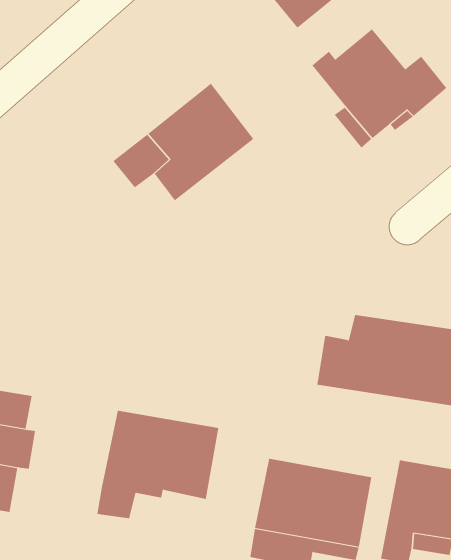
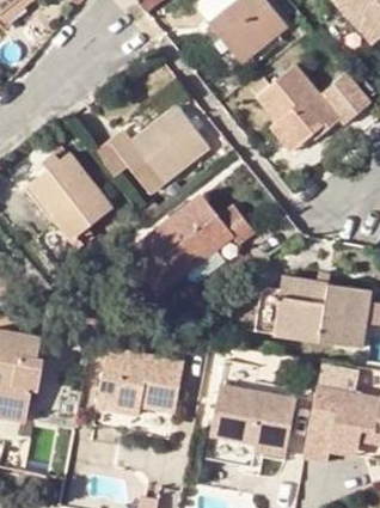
building: none -> [29,152,110,264]
building: none -> [125,196,255,292]

